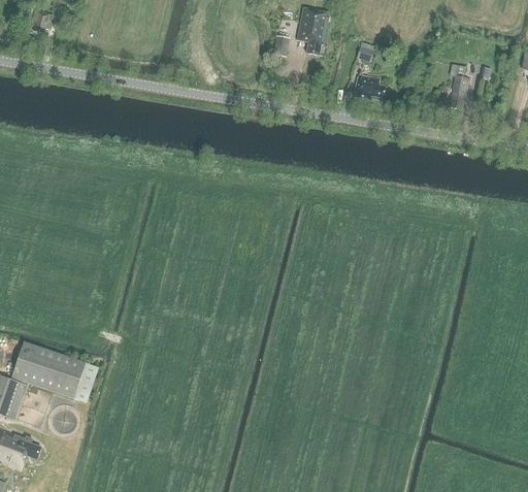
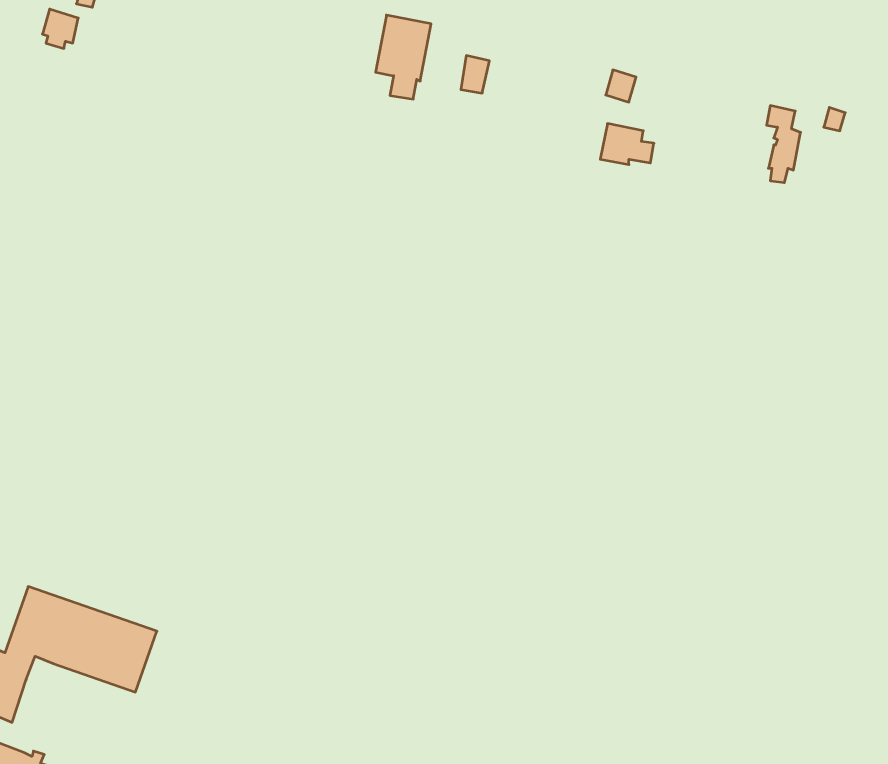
building: [296,7,328,56] -> [376,15,431,99]

